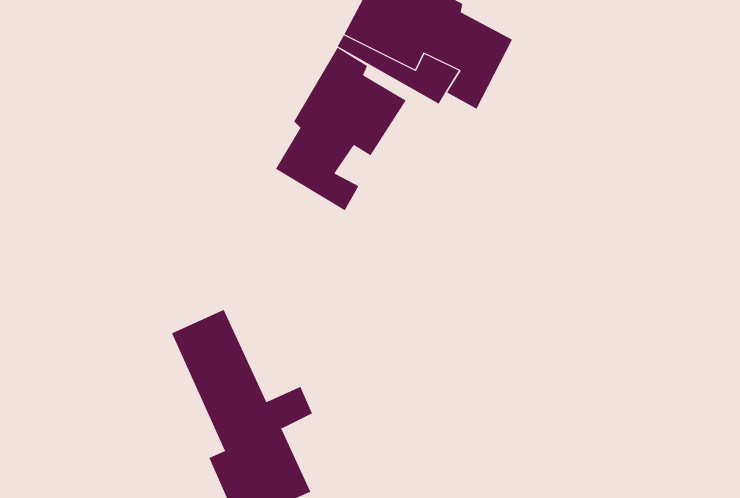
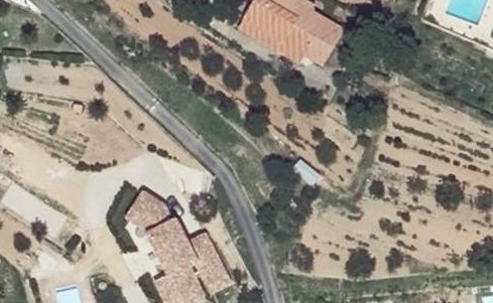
building: [275,47,406,211] -> none

